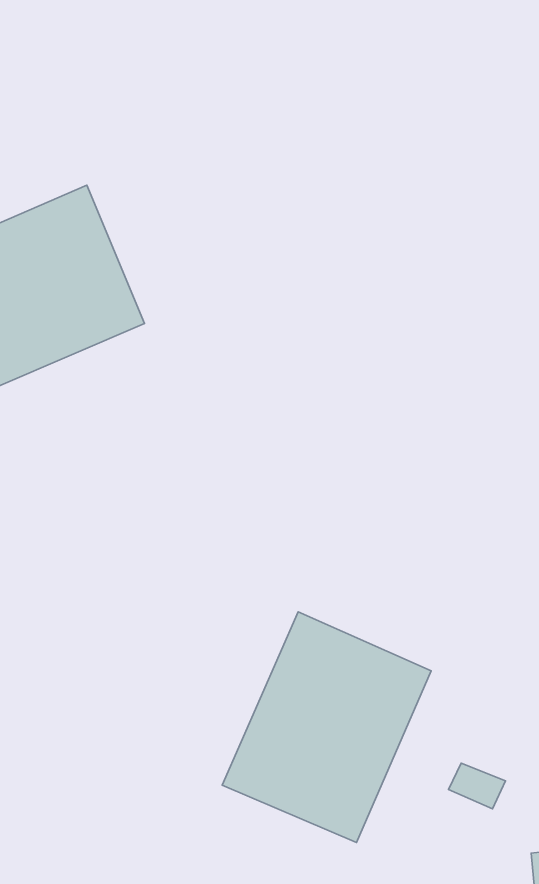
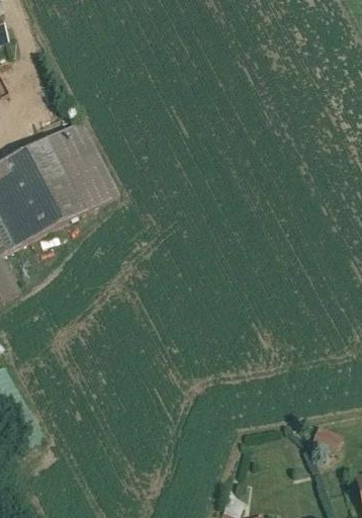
building: [222,612,431,843] -> none

